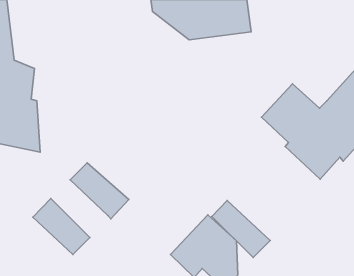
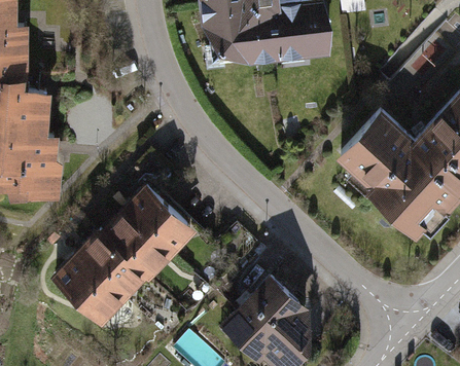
building: none -> [118,185,194,257]
building: none -> [72,232,144,305]
building: [212,200,270,258] -> none

